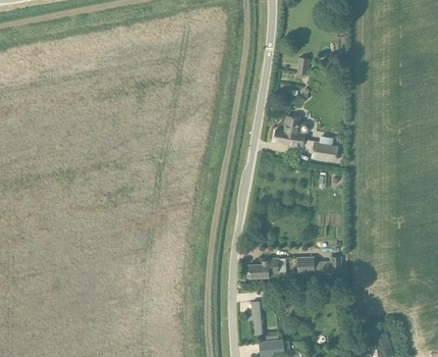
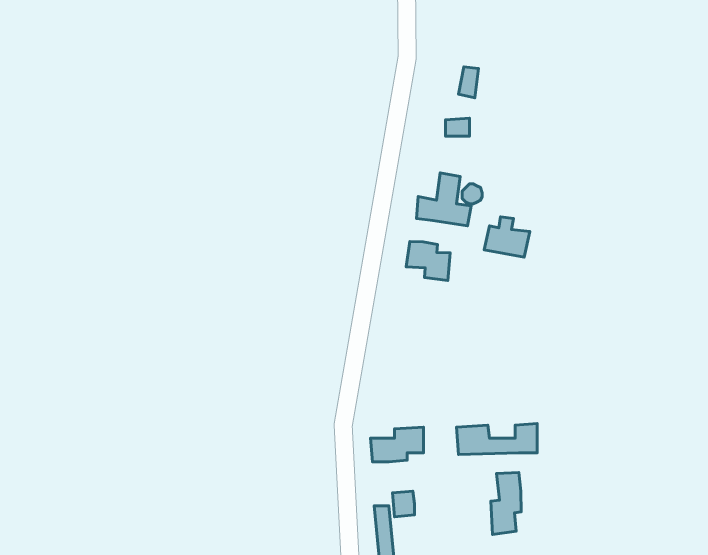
building: none -> [406,241,450,280]
building: none -> [491,473,521,534]

